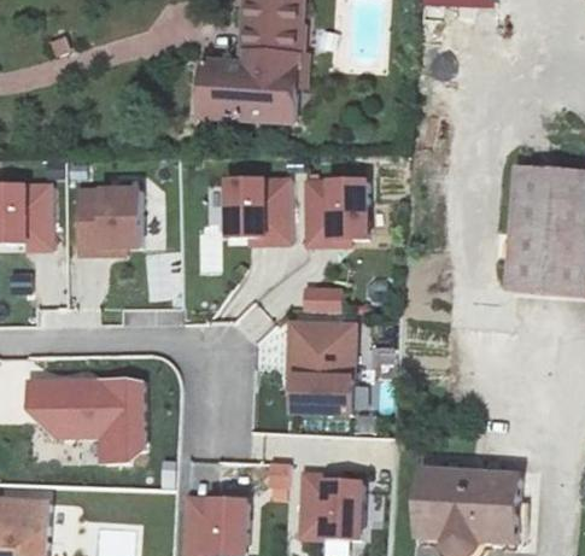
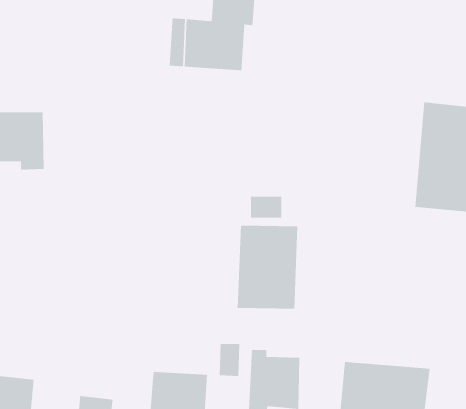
building: [227,174,293,246] -> none
building: [306,175,372,248] -> none
building: [77,185,141,256] -> none
building: [28,375,144,460] -> none

